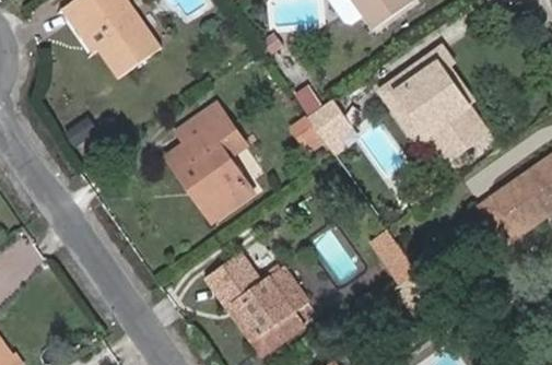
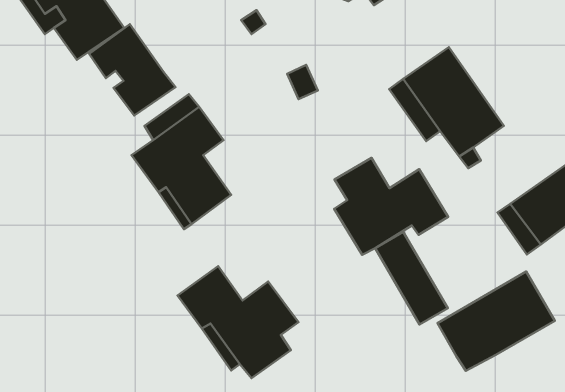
building: none -> [89,24,175,116]
building: [308,102,350,144] -> none
building: none -> [334,158,448,255]
building: none -> [438,271,555,371]

